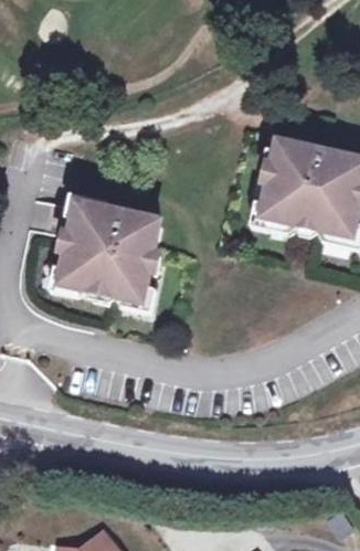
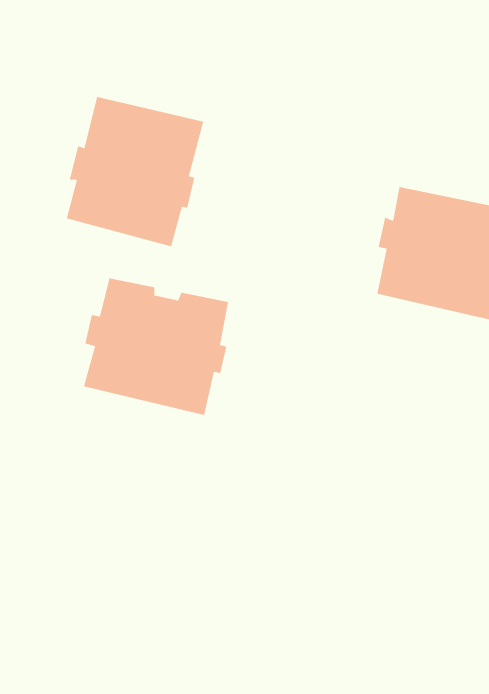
building: none -> [66,96,204,247]

